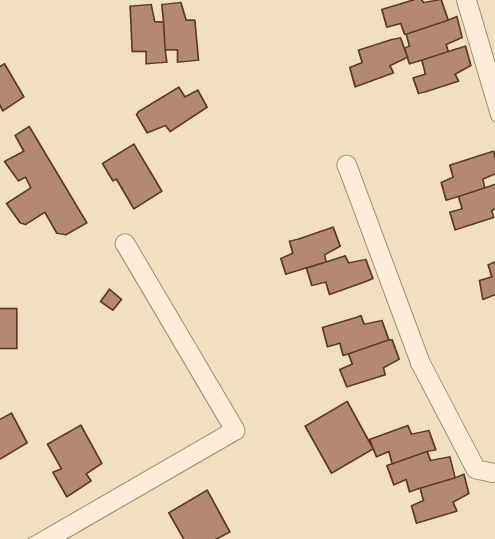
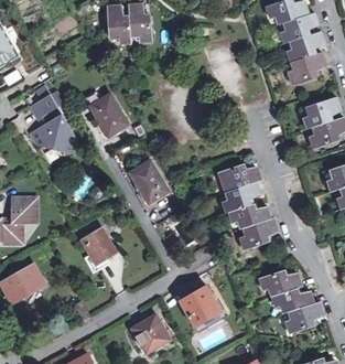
building: [350,38,407,87] -> [288,53,324,84]
building: [136,87,207,133] -> none
building: [281,227,340,274] -> [222,181,259,211]
building: none -> [130,160,168,202]
building: [305,402,373,473] -> [180,285,223,330]
building: [48,425,102,497] -> [80,226,115,271]

